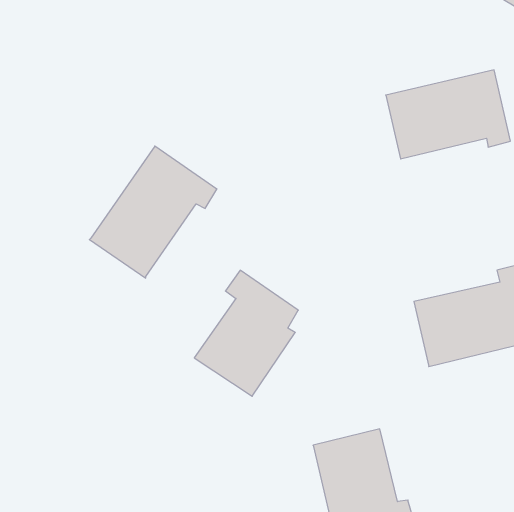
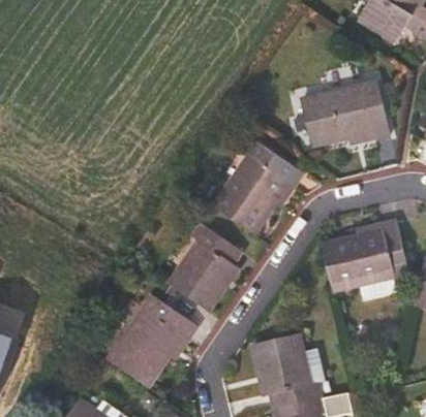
building: [89,146,217,278] -> [213,141,302,233]
building: none -> [108,294,196,386]

